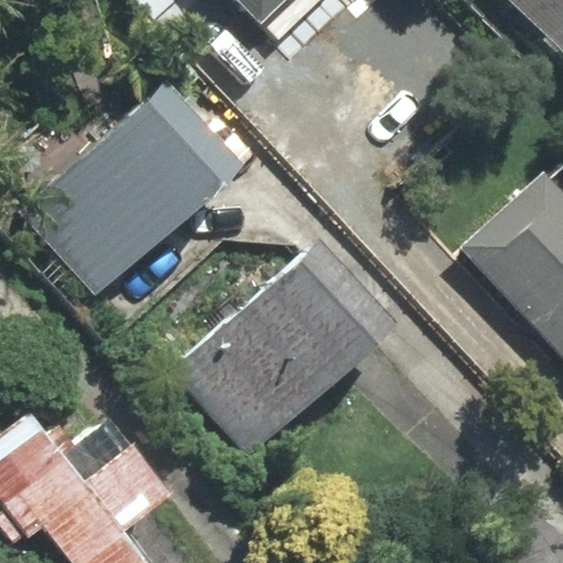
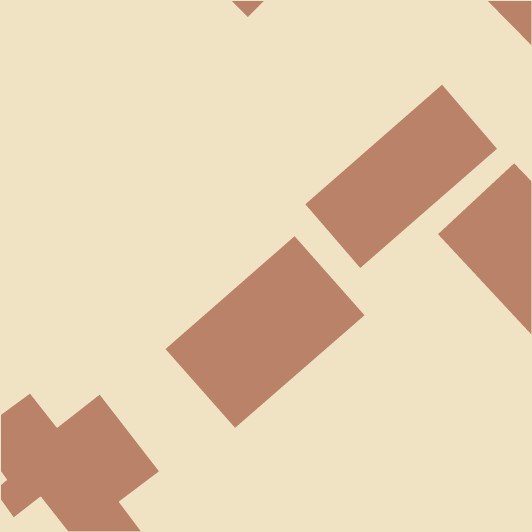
building: [24,86,240,292] -> none
building: none -> [304,84,498,269]

